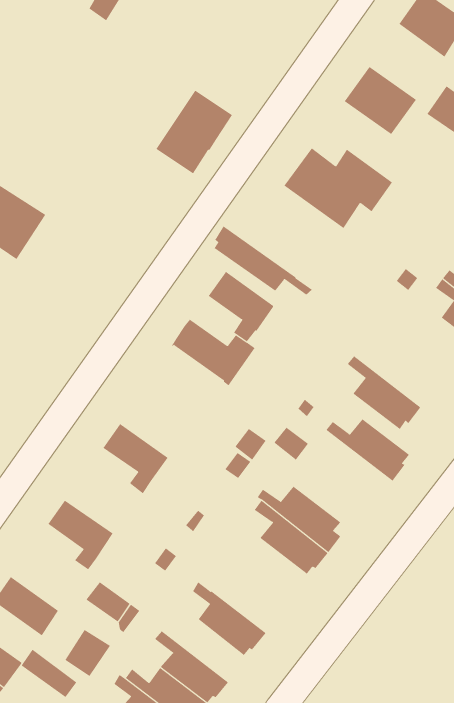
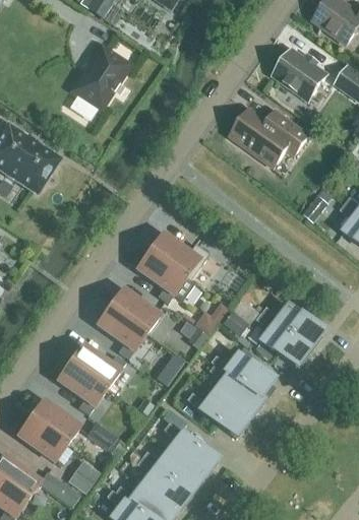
building: [156,90,233,174] -> [73,46,129,107]
building: [214,225,313,295] -> none
building: [208,271,274,342] -> [138,251,186,303]
building: [347,355,421,430] -> [255,312,309,366]
building: none -> [109,287,160,332]
building: none -> [69,343,125,387]
building: none -> [187,390,247,436]
building: none -> [29,398,80,443]
building: none -> [141,449,201,495]

